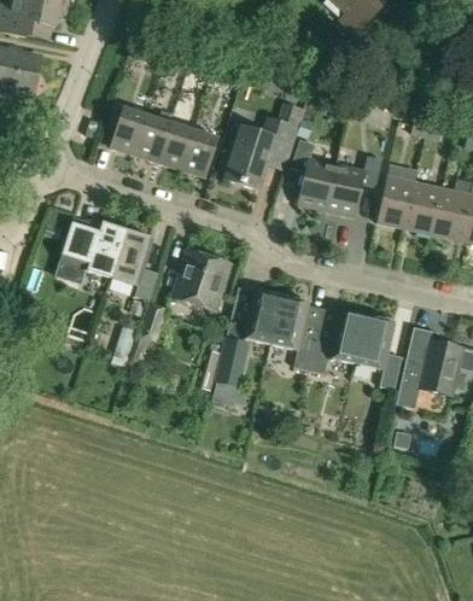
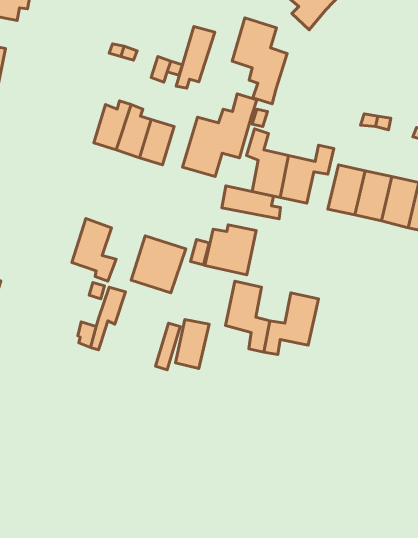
building: none -> [232,18,287,104]
building: none -> [176,27,215,88]
building: [110,106,146,153] -> none
building: none -> [222,186,280,219]
building: [56,220,125,282] -> none
building: [227,291,280,343] -> [205,225,256,275]
building: [356,315,403,390] -> none
building: [397,327,465,408] -> none

